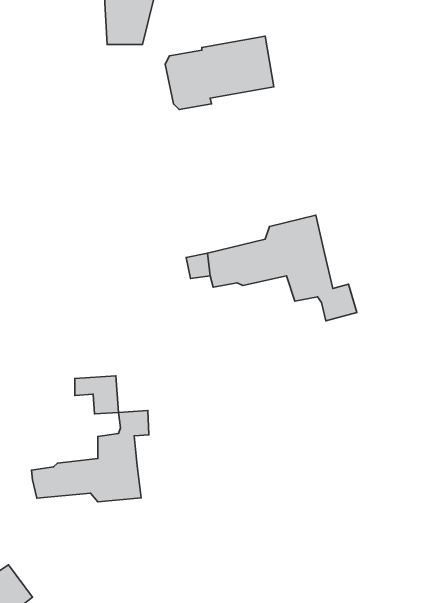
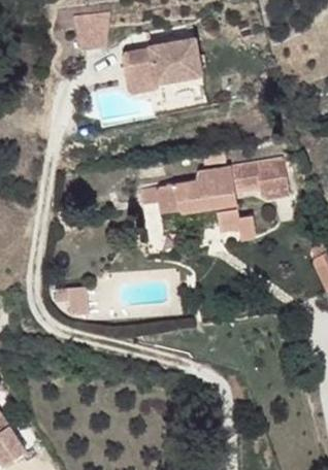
building: none -> [232,156,297,203]
building: [32,410,149,502] -> none

